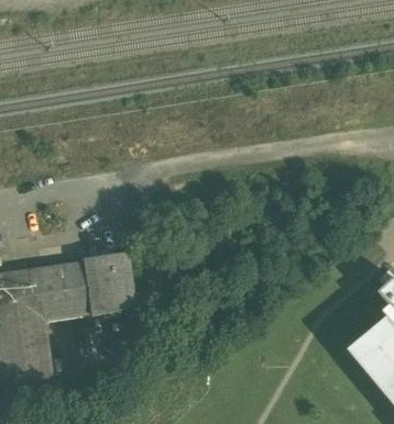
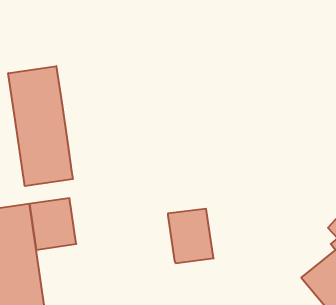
building: none -> [8,66,73,186]
building: [84,252,136,314] -> [168,209,214,263]

